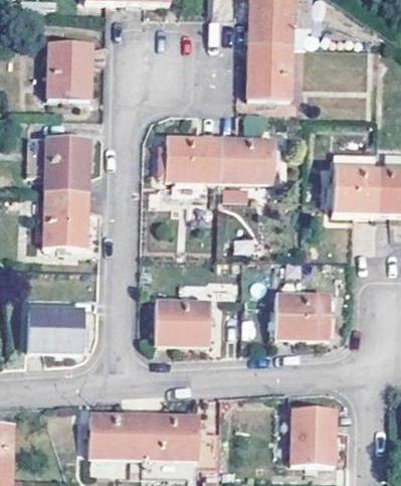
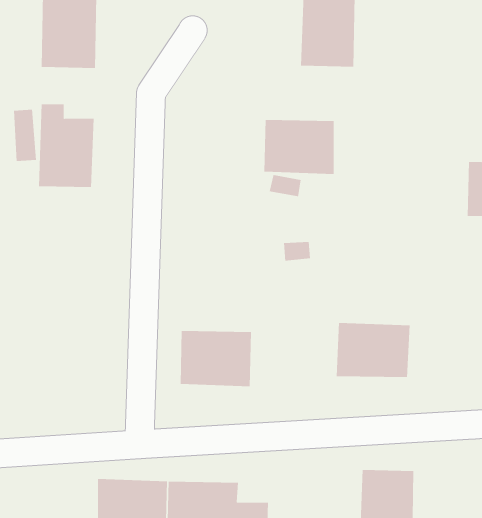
building: [160,137,220,195] -> none
building: [333,150,376,212] -> none
building: [44,189,87,246] -> none
building: [29,308,84,349] -> none

